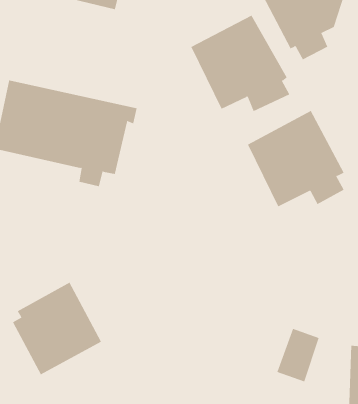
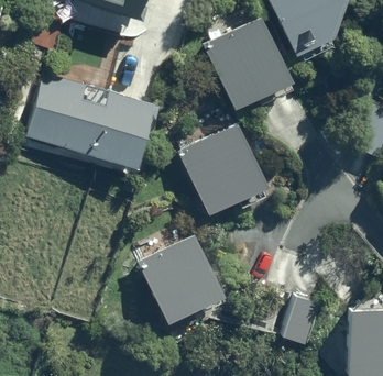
building: [247,110,344,207] -> [180,128,267,214]
building: [12,282,102,375] -> [141,233,221,317]

